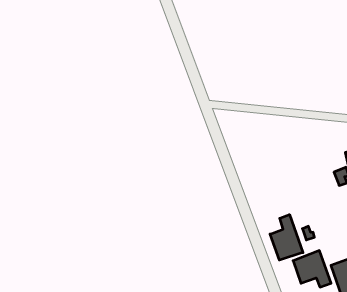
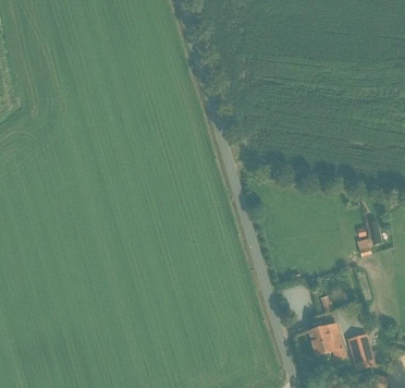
building: [270,215,303,260] -> none

